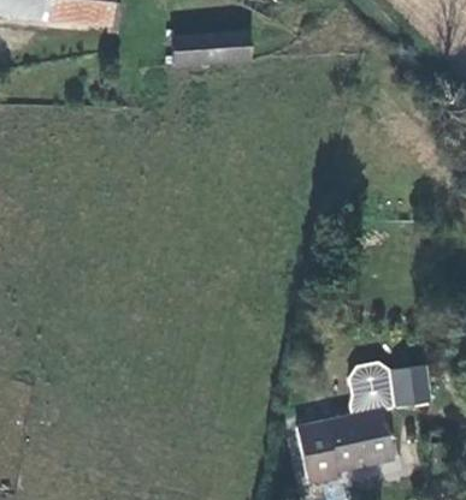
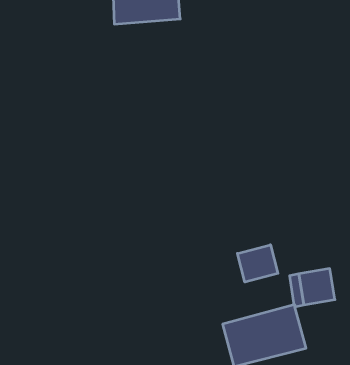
building: none -> [237,245,278,282]

